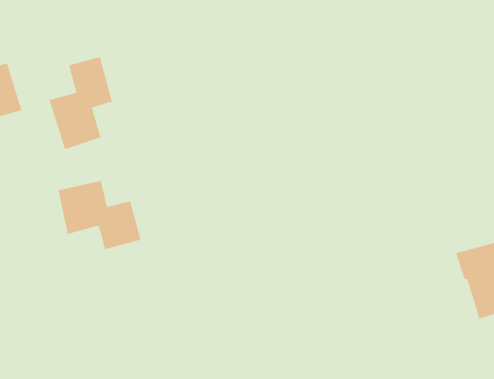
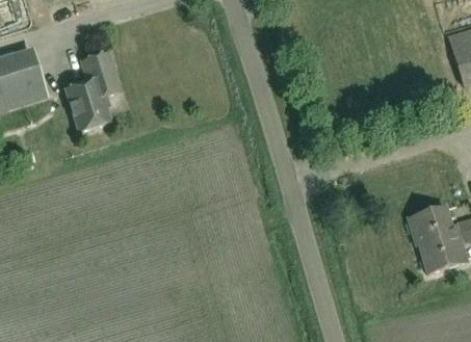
building: [58,180,141,250] -> none

